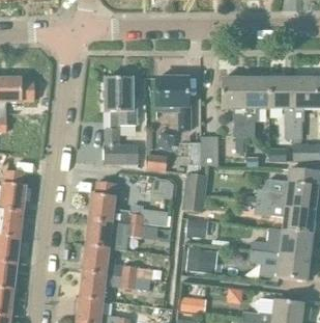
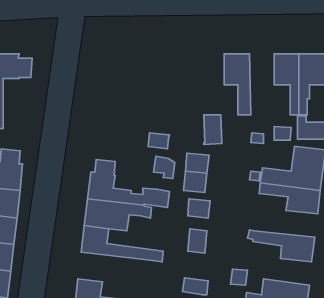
building: [104,77,138,162] -> none
building: [155,77,190,128] -> none
building: [245,77,269,136] -> none
building: [250,230,312,255] -> none
building: [79,270,151,299] -> none

